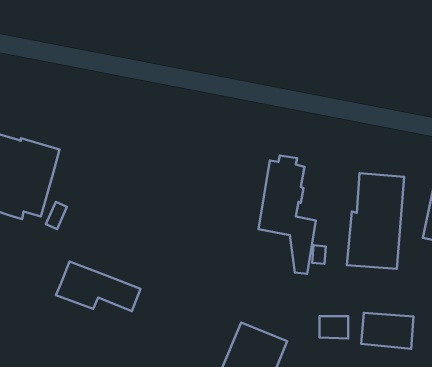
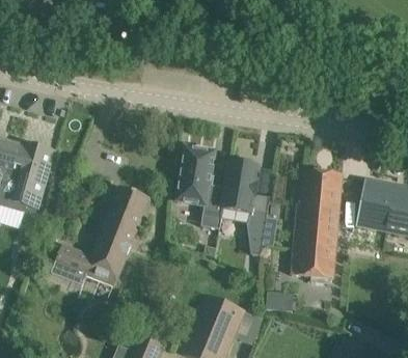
building: none -> [176,147,225,228]
building: none -> [92,187,148,268]
building: [361,313,414,349] -> [292,248,335,278]

